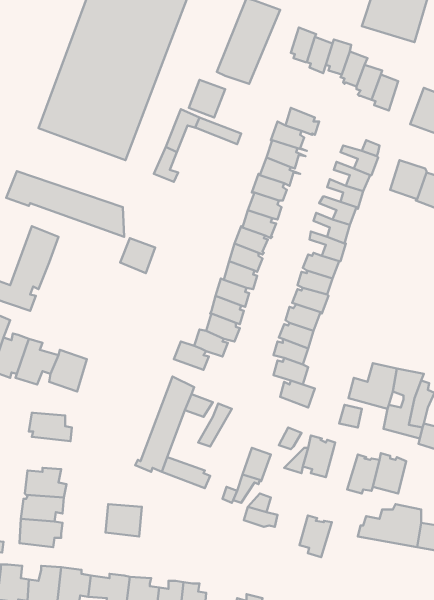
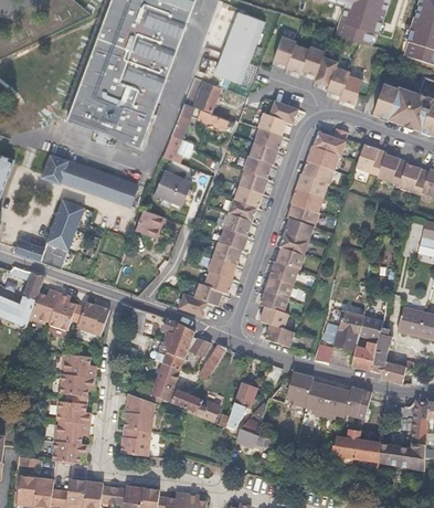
building: none -> [155,171,191,204]
building: none -> [60,372,94,399]
building: none -> [125,393,156,430]
building: [300,516,332,557] -> [304,381,330,415]

